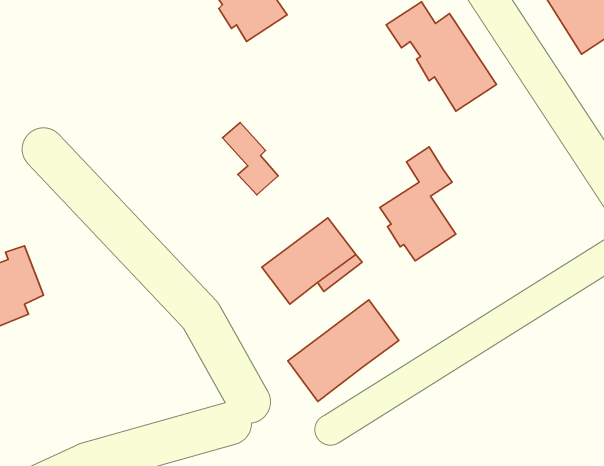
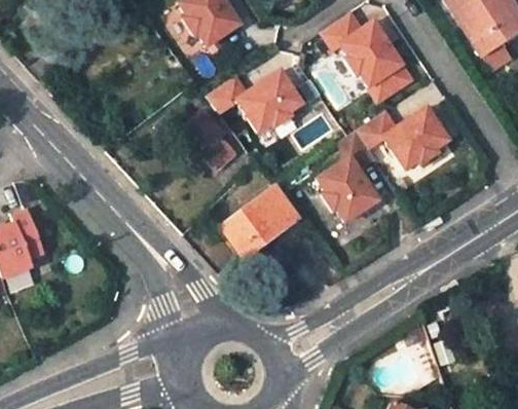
building: none -> [208,68,302,131]
building: none -> [357,109,448,170]
building: [288,300,399,401] -> none

